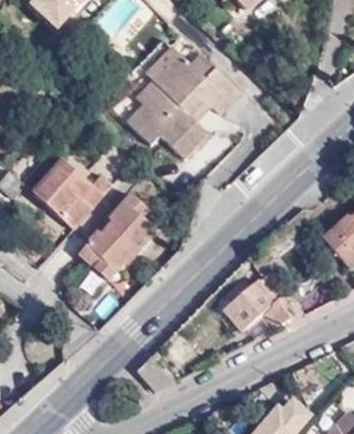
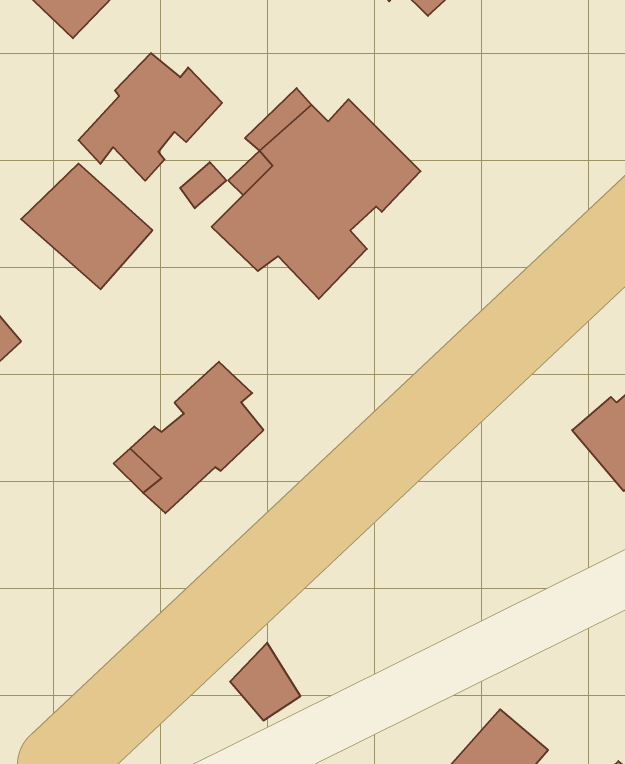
building: none -> [78,53,222,181]
building: [31,162,102,231] -> [21,164,152,289]
building: [223,274,307,331] -> none

